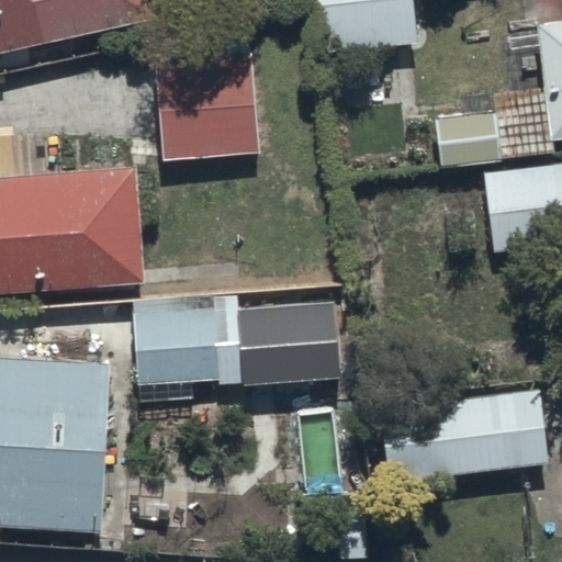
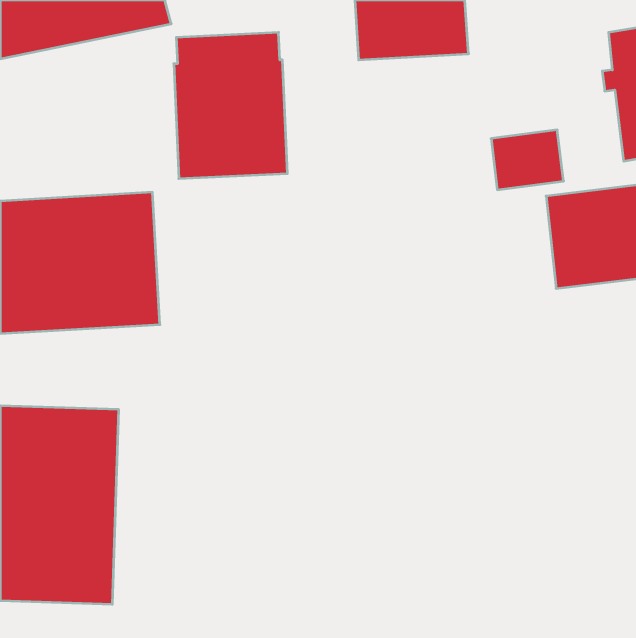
building: [135,295,345,383] -> none
building: [378,390,546,482] -> none

